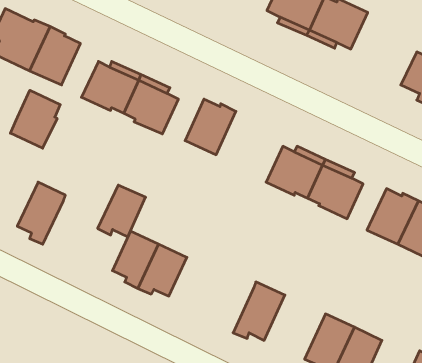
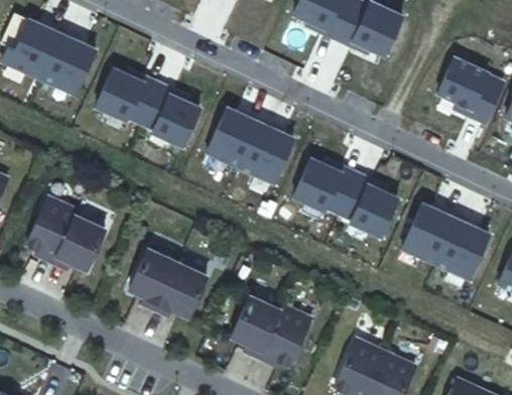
building: [10,90,60,148] -> none
building: none -> [240,122,293,183]
building: [98,185,146,237] -> [54,218,106,273]
building: none -> [231,297,280,359]

